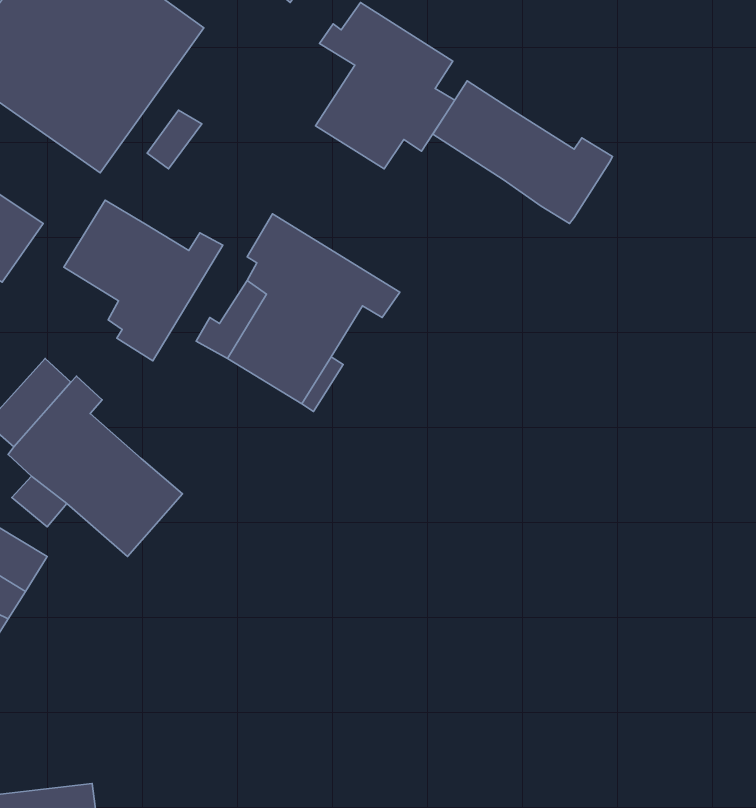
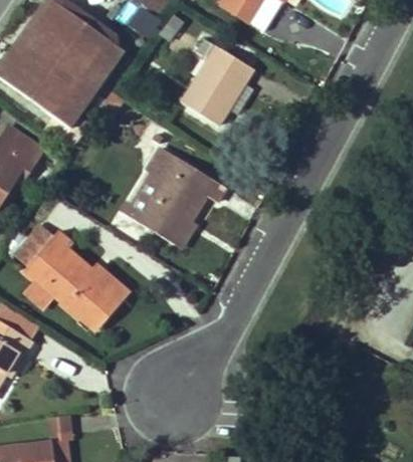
building: [433,81,612,224] -> none
building: [64,200,223,361] -> none
building: none -> [85,264,129,330]

